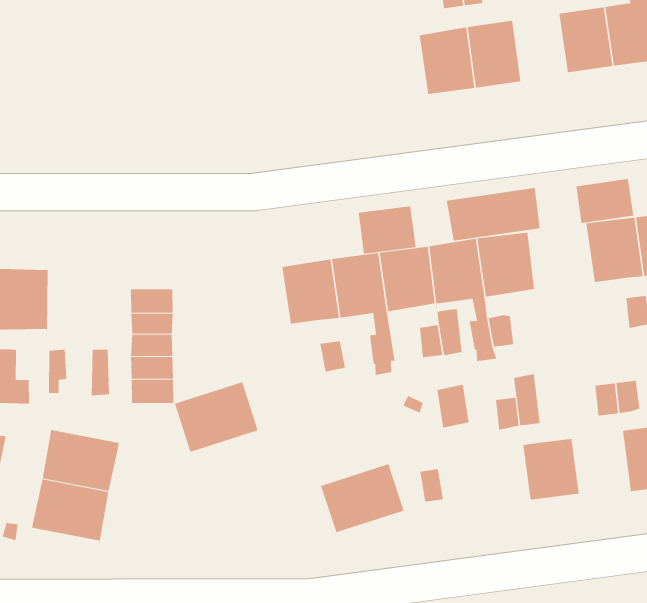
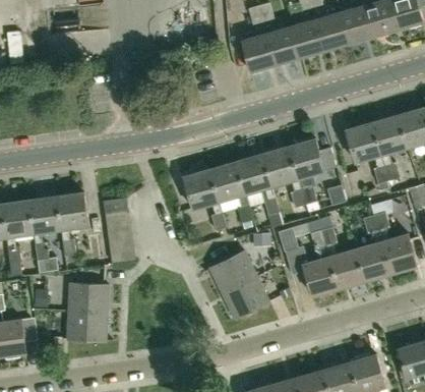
building: none -> [291,18,324,58]
building: [576,178,634,224] -> none
building: [446,187,540,241] -> none
building: [358,206,416,254] -> none
building: none -> [58,192,89,229]
building: [174,381,258,453] -> [209,250,257,293]
building: none -> [355,240,390,278]
building: none -> [303,256,338,295]

